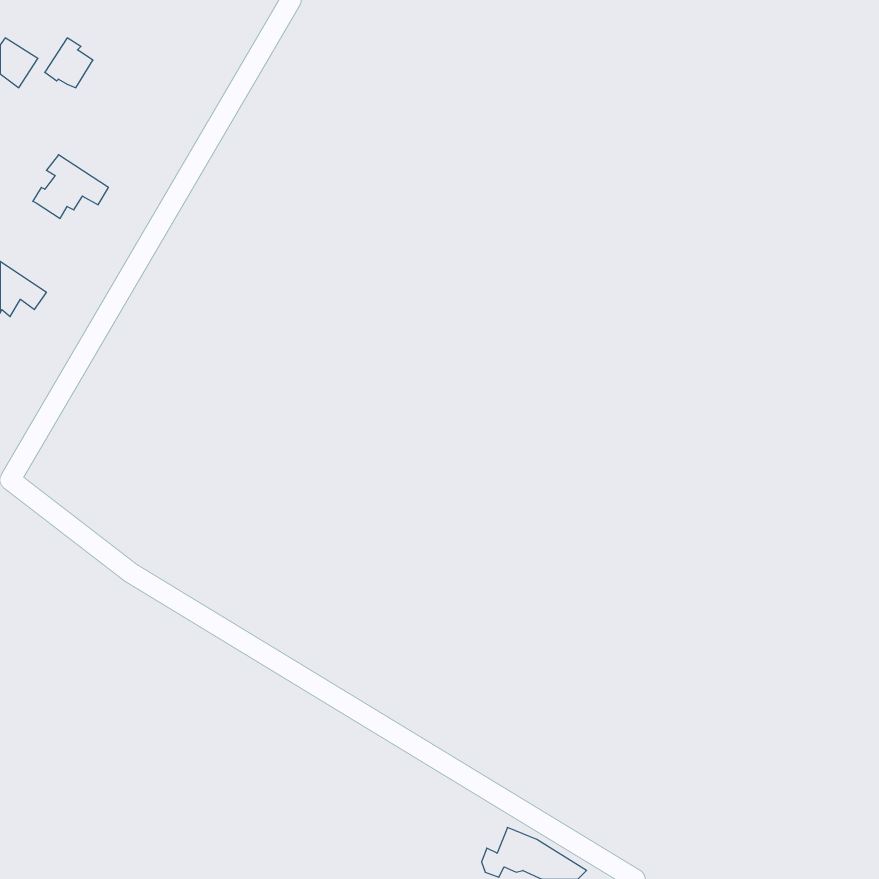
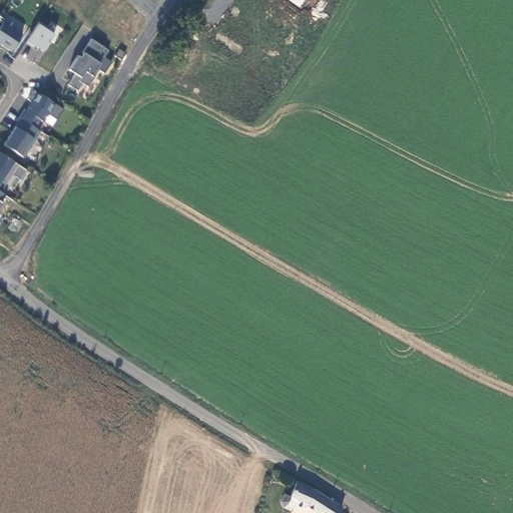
building: none -> [68,39,109,91]
building: none -> [4,118,41,157]

